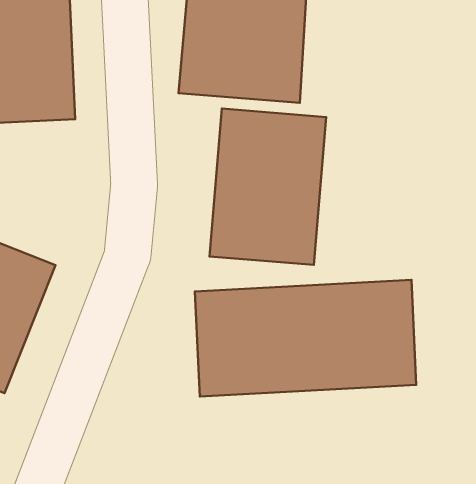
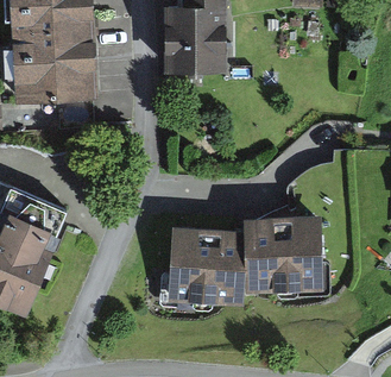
building: [210,109,326,265] -> none

